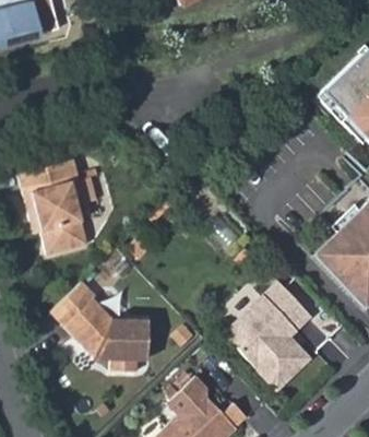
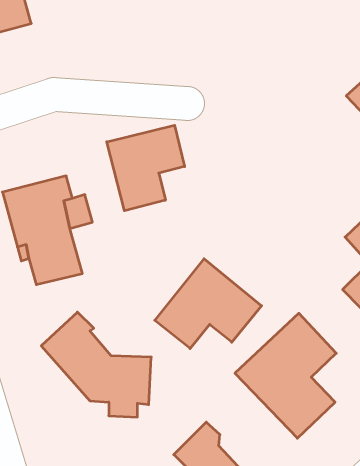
building: none -> [107,125,185,211]
building: none -> [155,259,262,349]

